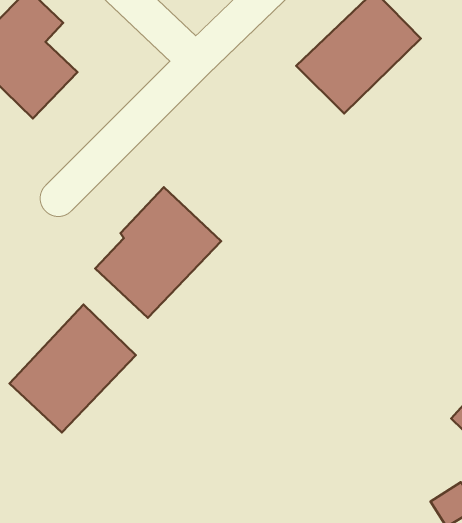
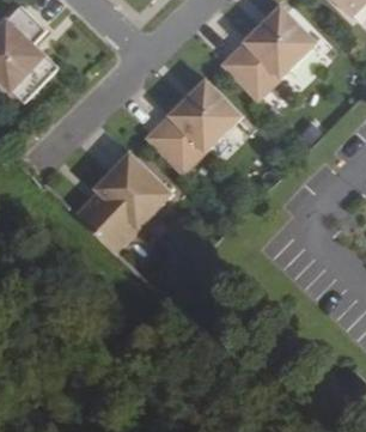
building: none -> [148,78,243,171]
building: [10,304,136,432] -> none

